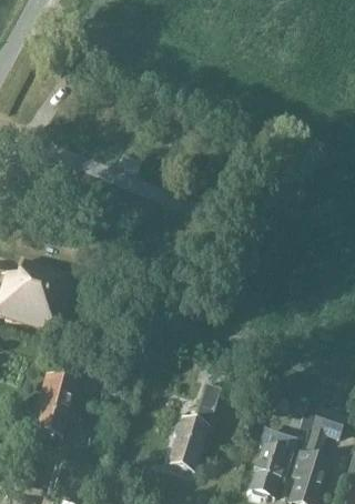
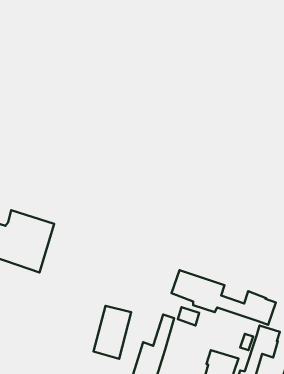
building: none -> [171,270,276,325]
building: [32,372,78,436] -> [93,306,131,359]

